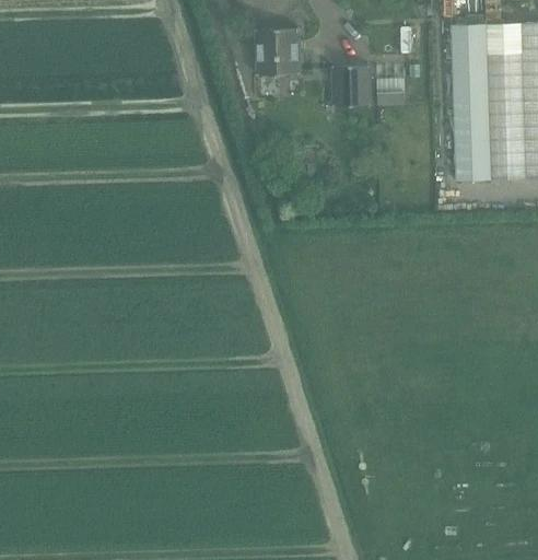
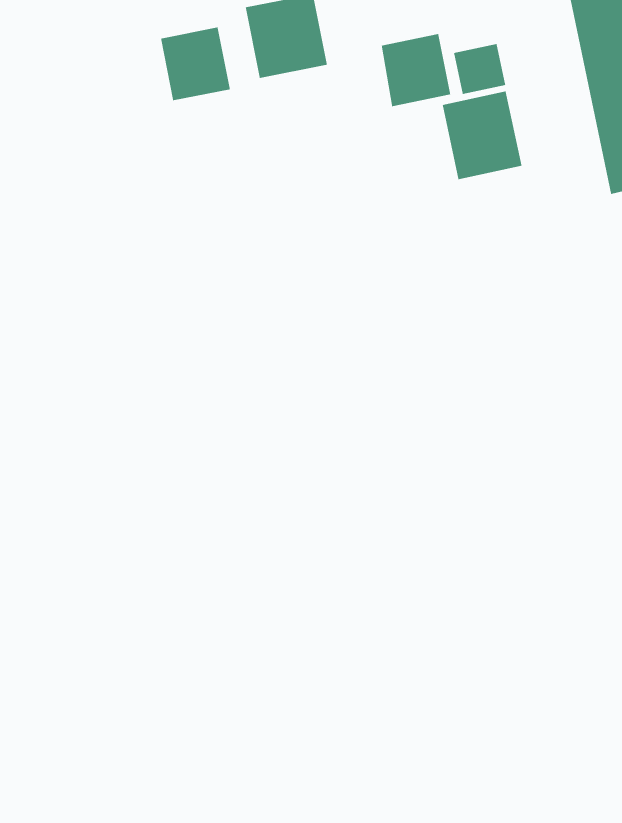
building: none -> [160,27,231,101]
building: none -> [442,91,522,180]

